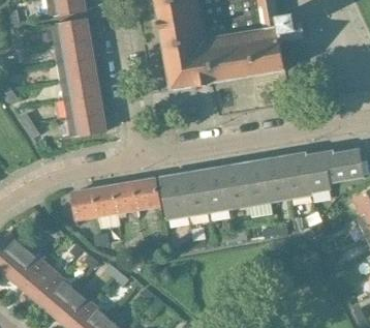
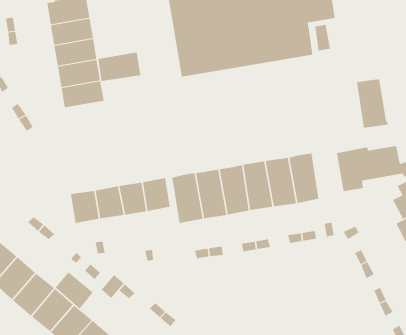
building: [67,111,105,137] -> [97,52,141,81]
building: [284,153,312,197] -> [356,79,388,128]
building: none -> [55,271,94,310]

